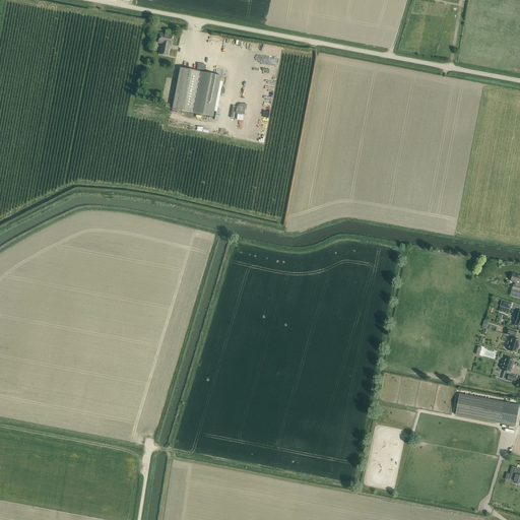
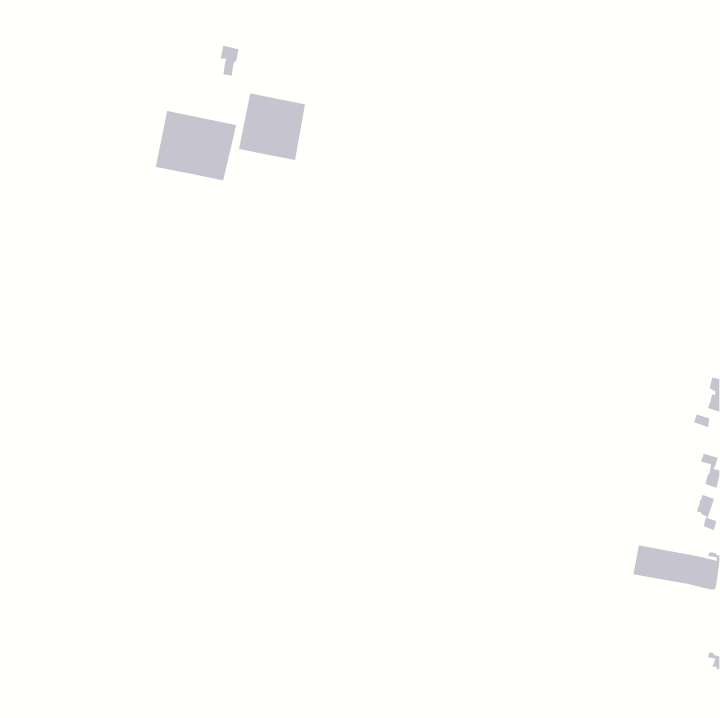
building: none -> [155,110,237,181]

